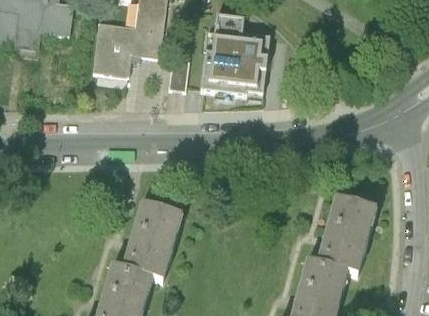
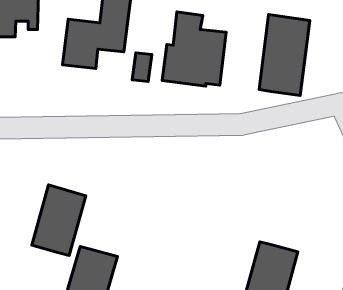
building: none -> [259,15,310,95]
building: [316,202,373,276] -> none
building: [122,206,180,282] -> [32,185,86,256]

